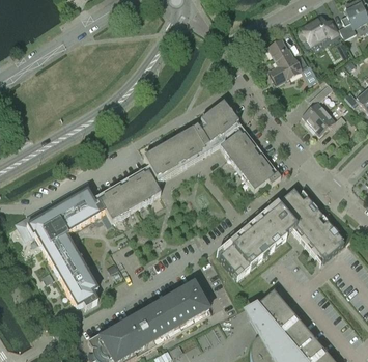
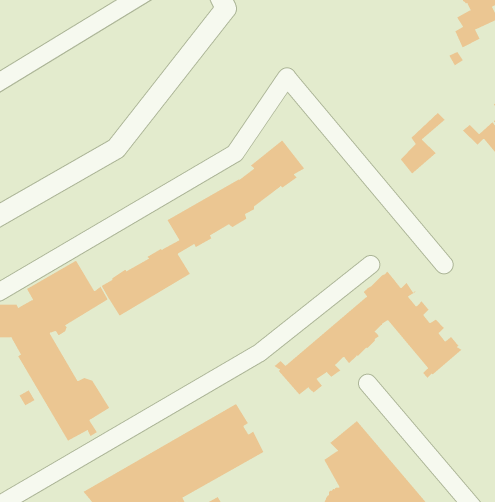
building: [300,17,337,44] -> none
building: [268,38,308,83] -> none
building: [310,110,345,134] -> none
building: [219,130,280,190] -> none

